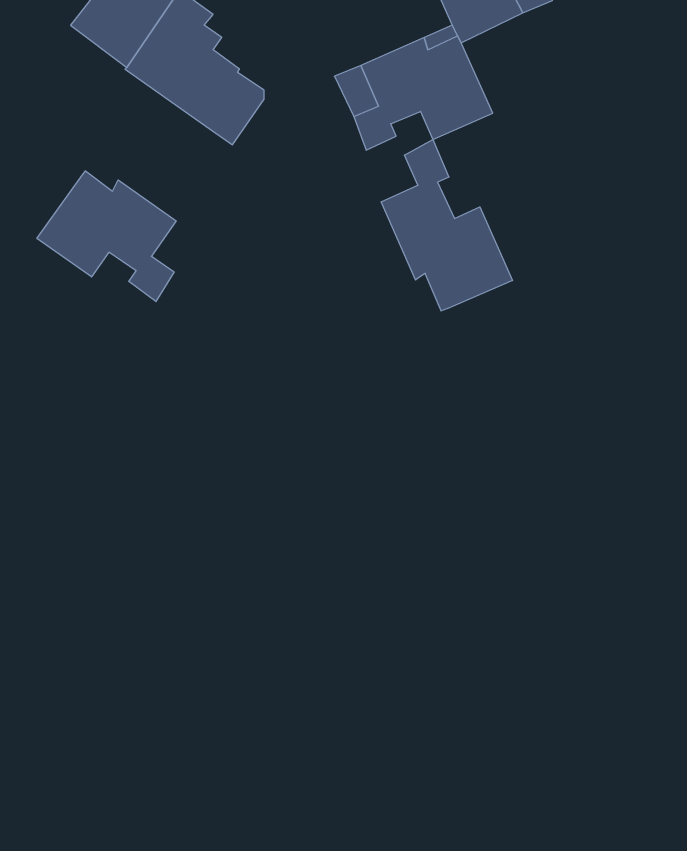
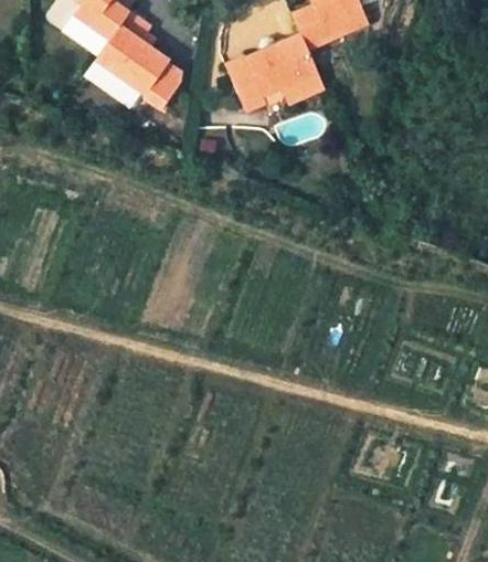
building: [381,140,512,311] -> none
building: [37,171,176,302] -> none

